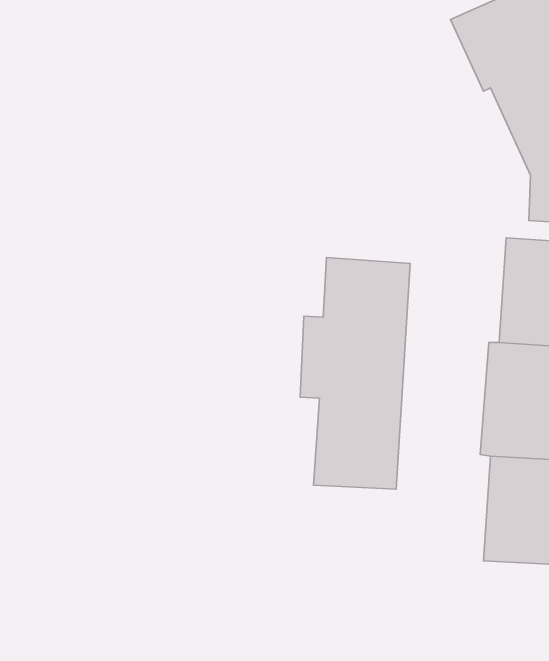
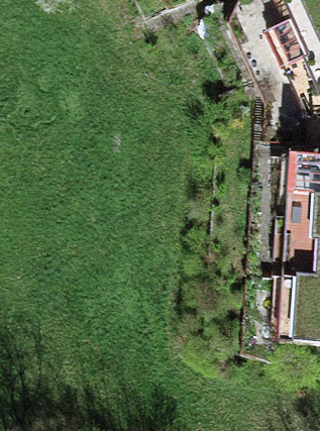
building: [300,257,410,489] -> none

